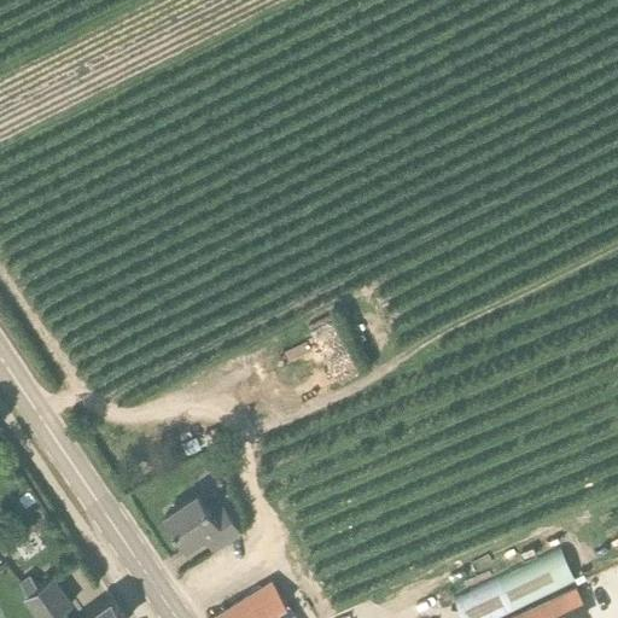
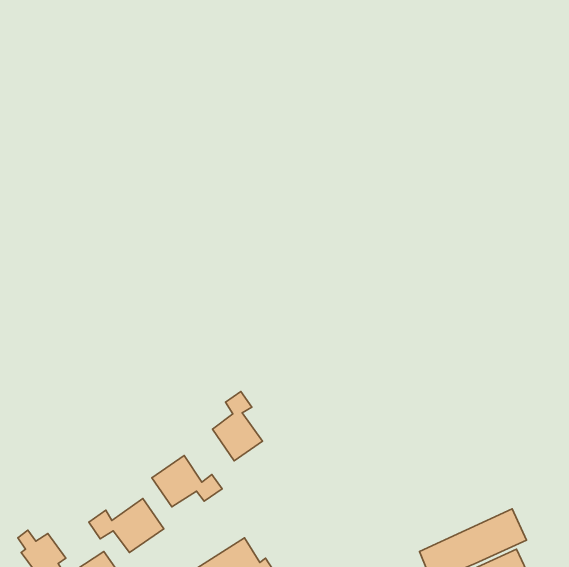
building: none -> [212,391,262,461]
building: none -> [89,499,164,552]

